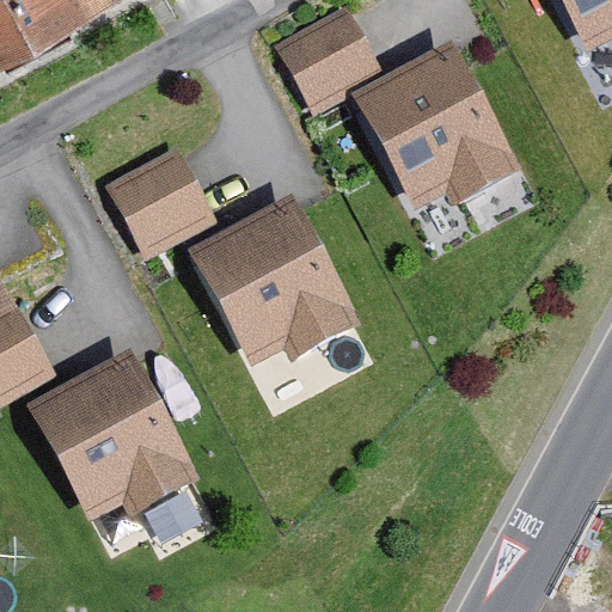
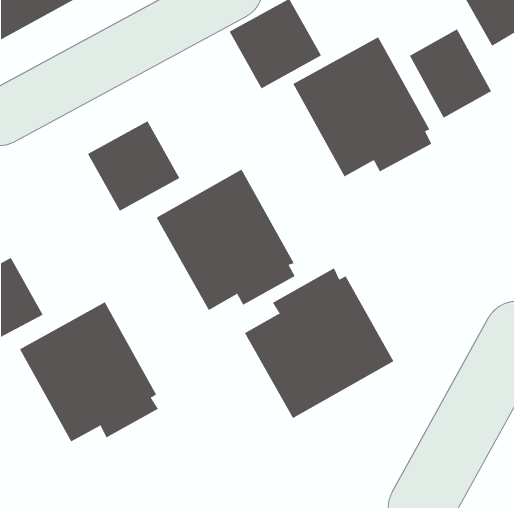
building: none -> [409,29,492,118]
building: none -> [244,268,394,419]

